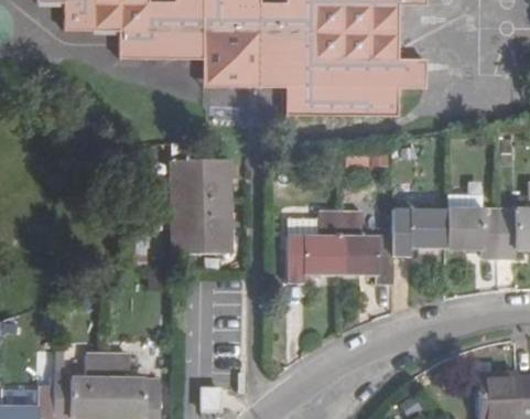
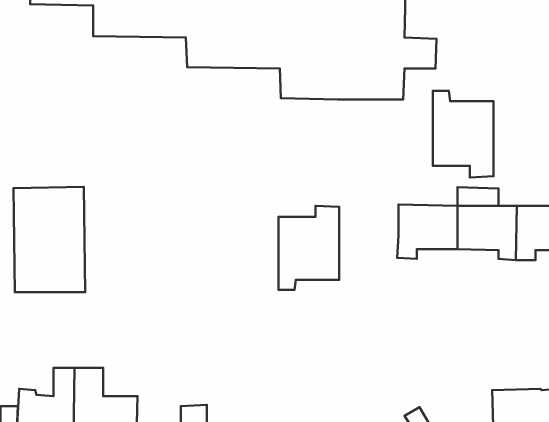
building: none -> [433,91,494,177]
building: [170,160,234,254] -> [13,187,85,292]
building: [339,211,392,286] -> none

